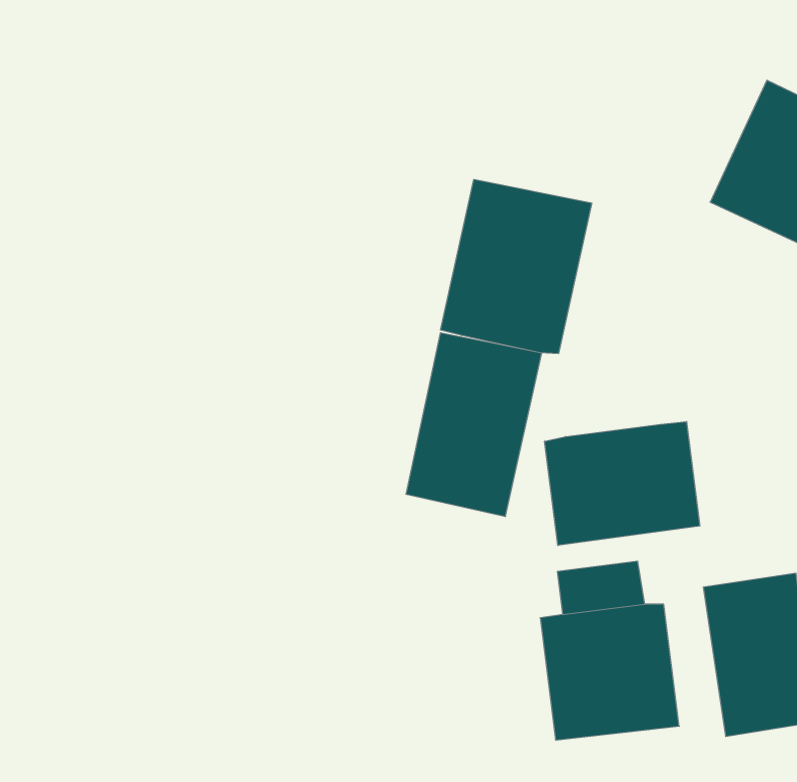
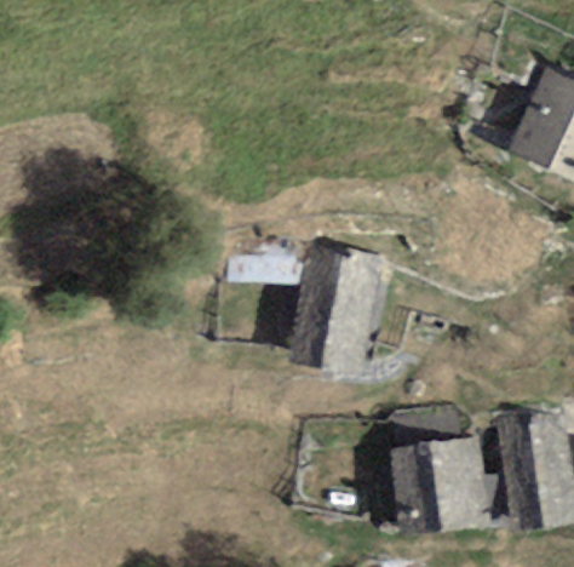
building: [441,179,592,354] -> none
building: [545,421,700,546] -> none

